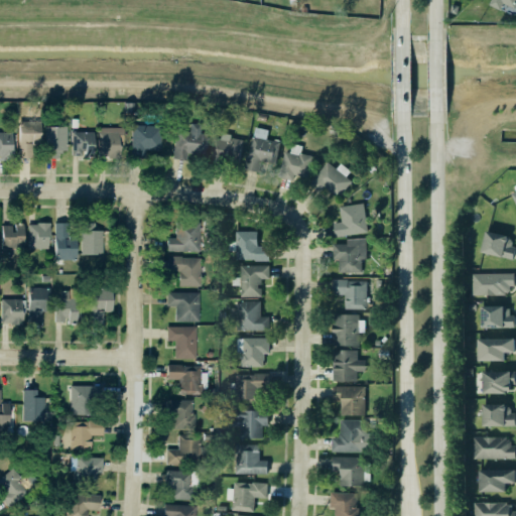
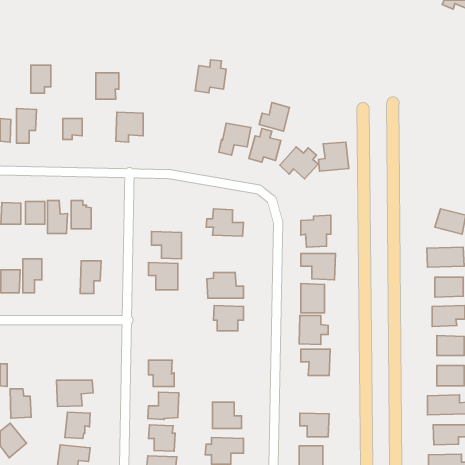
building: none -> [259,103,289,131]
building: [173,124,208,160] -> [195,60,226,93]
building: [45,127,68,158] -> [31,65,51,93]
building: [99,128,124,157] -> [96,73,119,99]
building: [212,135,244,166] -> none
building: [335,205,368,237] -> [319,142,349,171]
building: [168,223,201,252] -> none
building: [233,266,270,298] -> none
building: [55,291,78,324] -> none
building: [167,328,197,359] -> none
building: [166,365,205,394] -> none
building: [233,375,269,404] -> none
building: [69,386,102,415] -> none
building: [22,390,45,422] -> [10,389,31,418]
building: [233,411,268,439] -> none
building: [332,422,369,457] -> none

